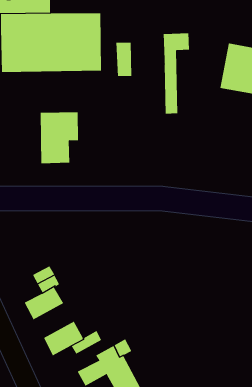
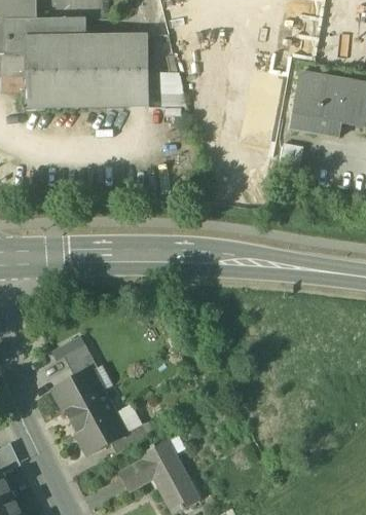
building: [163,32,189,114] -> none
building: [40,111,78,164] -> none
building: none -> [63,390,113,432]

